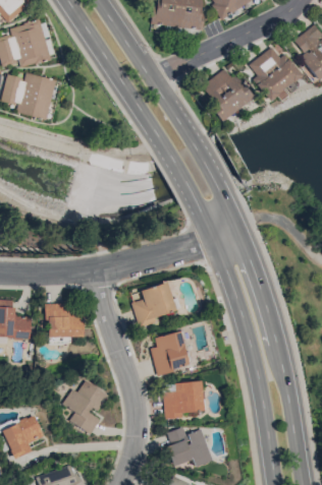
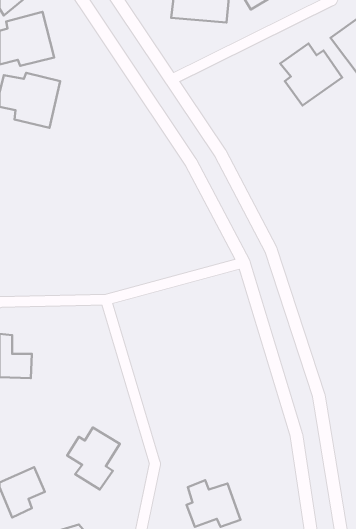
building: [202,68,254,121] -> none
building: [132,282,176,323] -> none
building: [46,303,84,338] -> none
building: [151,330,190,375] -> none
building: [163,380,204,419] -> none

